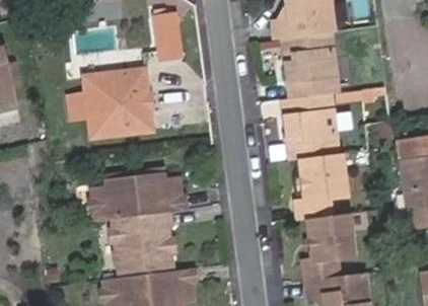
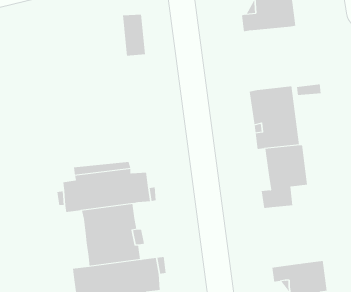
building: [285,29,336,94] -> none
building: [67,70,151,137] -> none
building: [305,212,352,278] -> none

